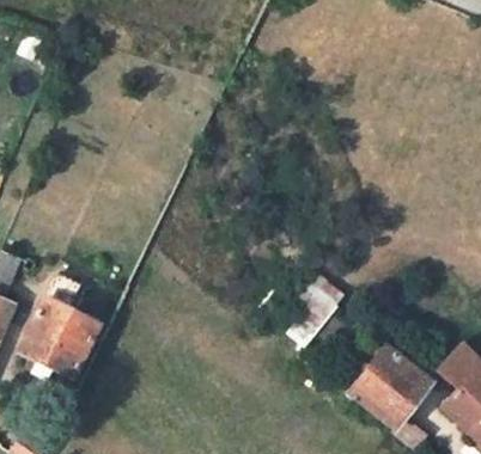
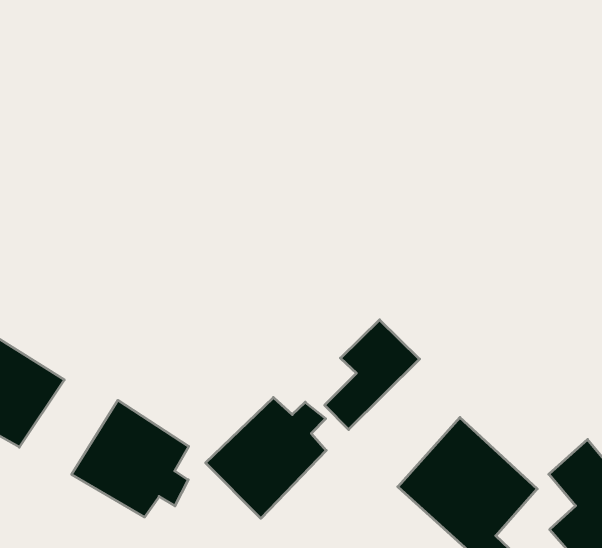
building: none -> [206,397,326,518]
building: none -> [72,400,189,517]

